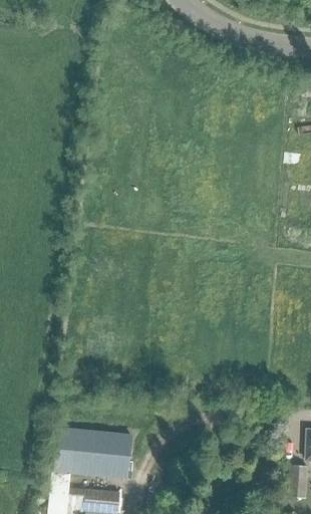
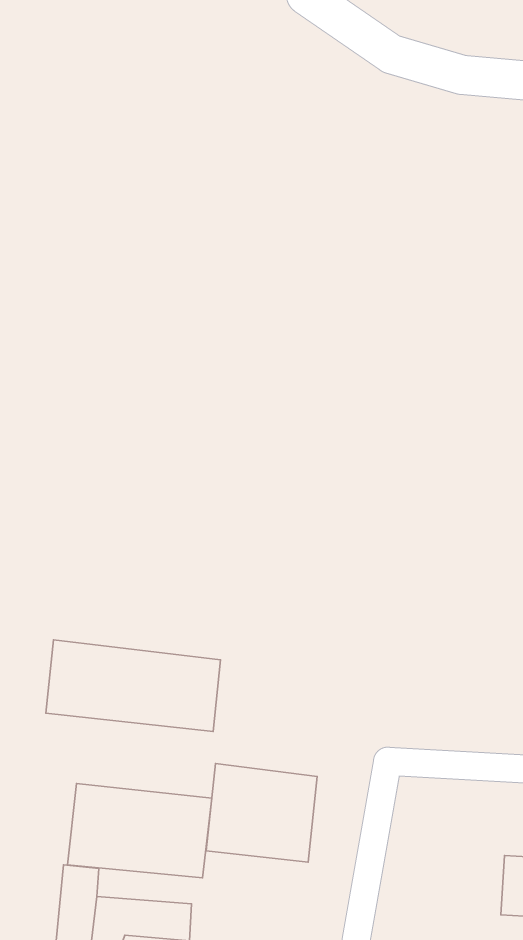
building: none -> [46,640,220,732]
building: none -> [206,764,317,862]

